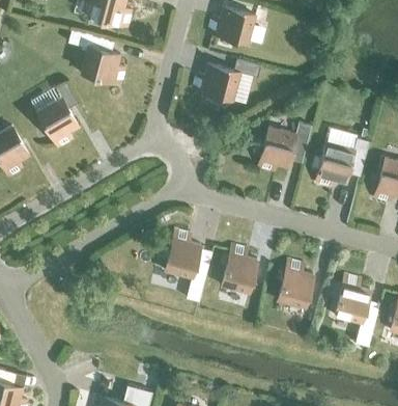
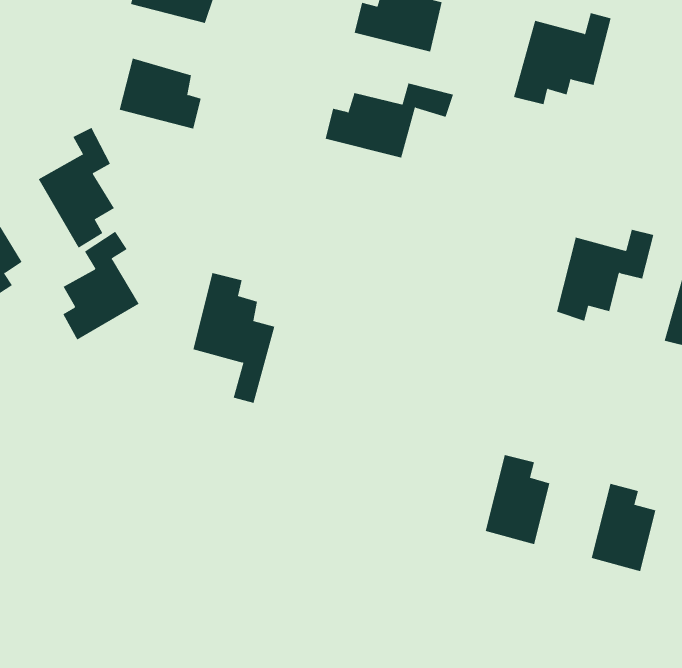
building: [258,123,311,172] -> [513,12,611,105]
building: none -> [62,231,140,341]
building: [165,229,209,300] -> [192,273,275,403]
building: [222,245,257,293] -> none

